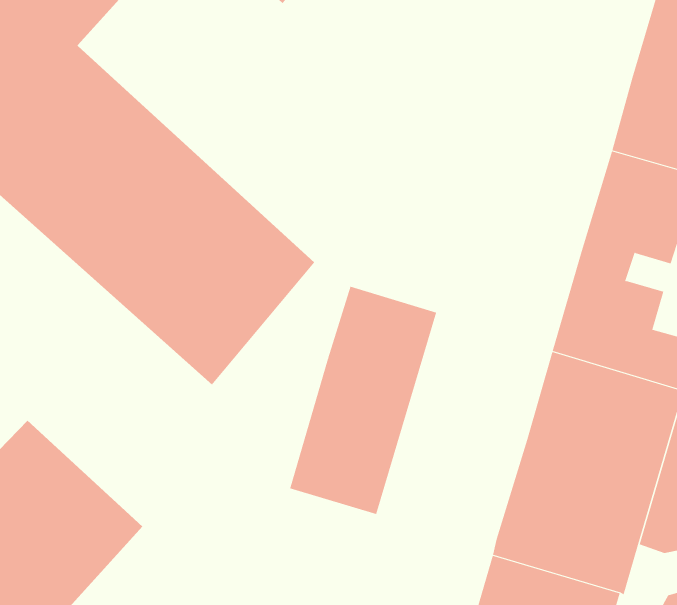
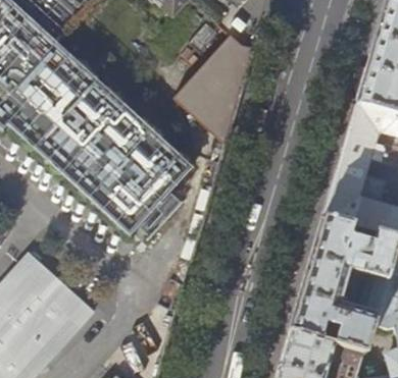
building: none -> [176,40,254,149]
building: [290,286,437,515] -> none

